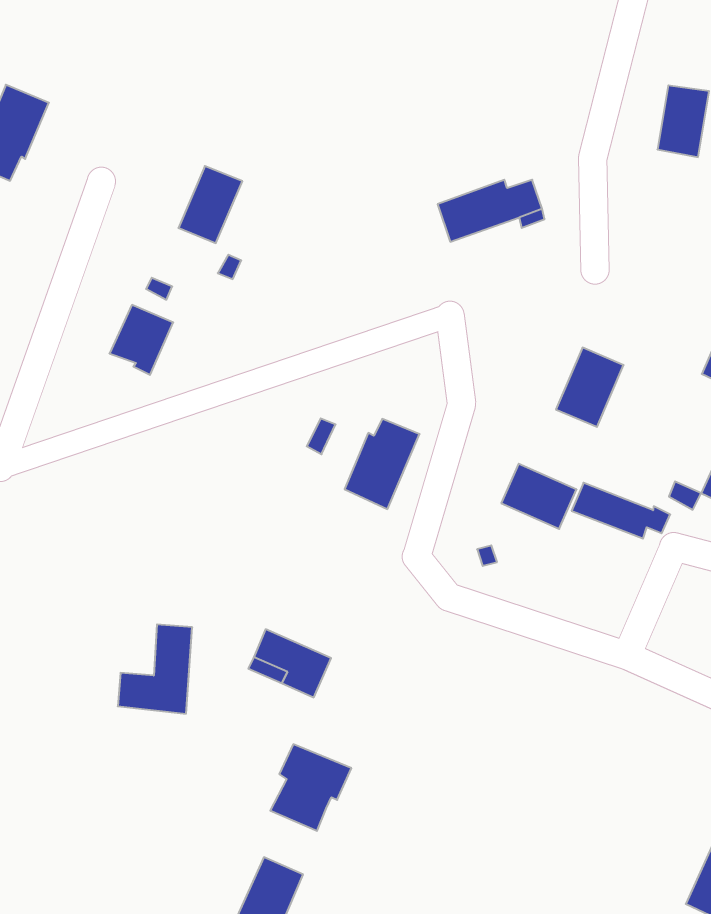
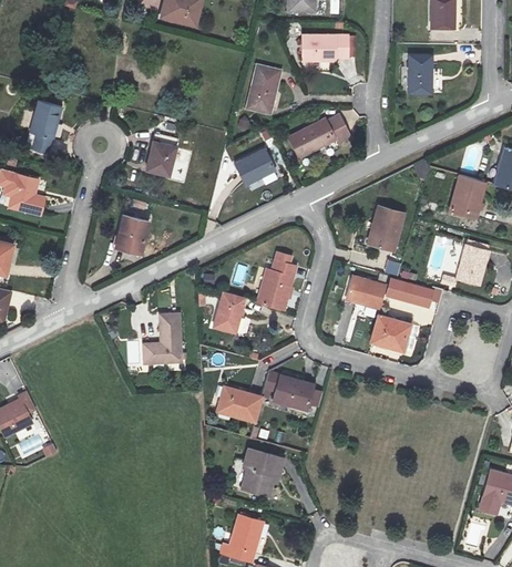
building: none -> [304,34,349,60]
building: none -> [248,65,281,113]
building: none -> [234,148,275,185]
building: none -> [215,293,245,333]
building: none -> [372,315,411,350]
building: none -> [264,373,315,406]
building: [118,624,192,714] -> [144,316,184,365]

